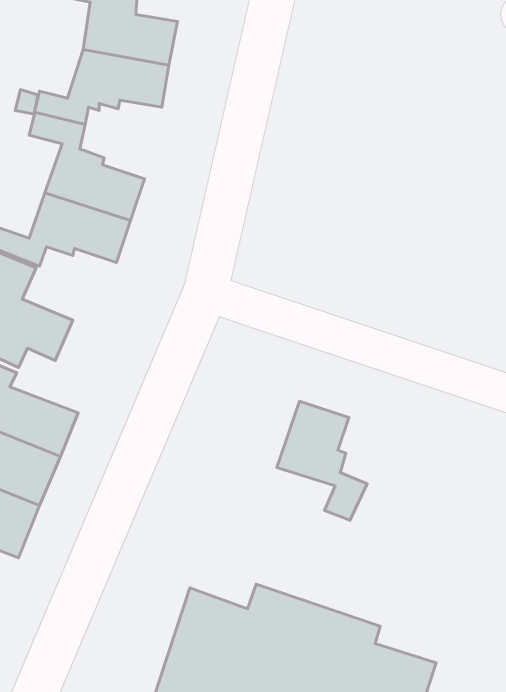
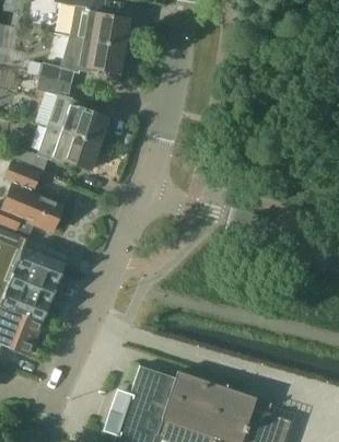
building: [277,401,367,521] -> none

